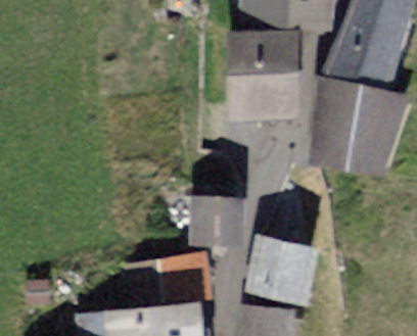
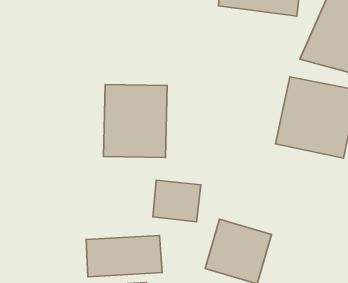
building: [231,34,297,110] -> [104,84,167,157]

